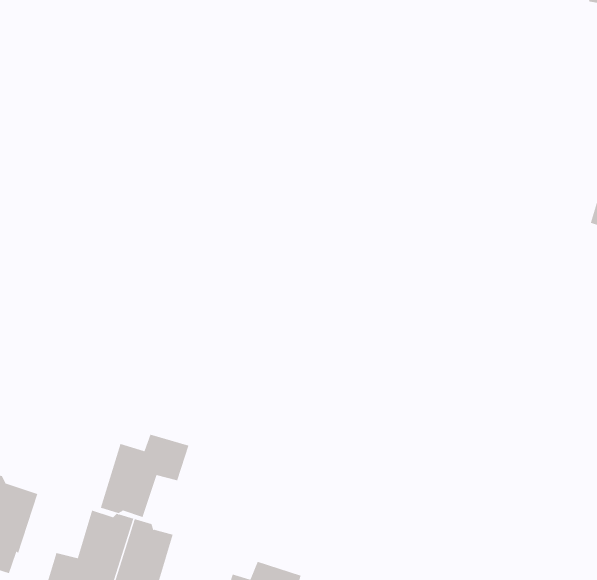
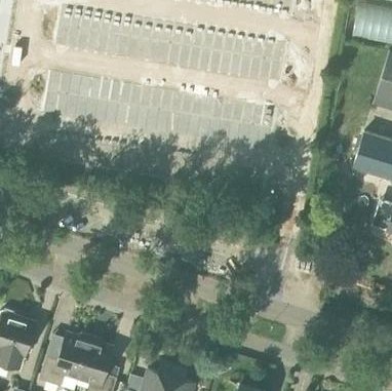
building: [100,434,189,518] -> none

